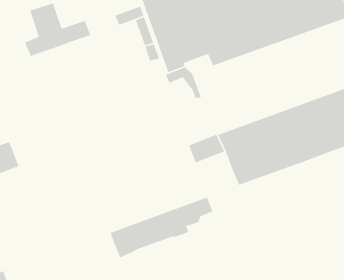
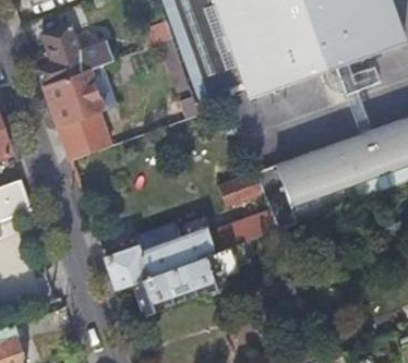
building: none -> [44,69,111,159]
building: none -> [106,209,278,289]

